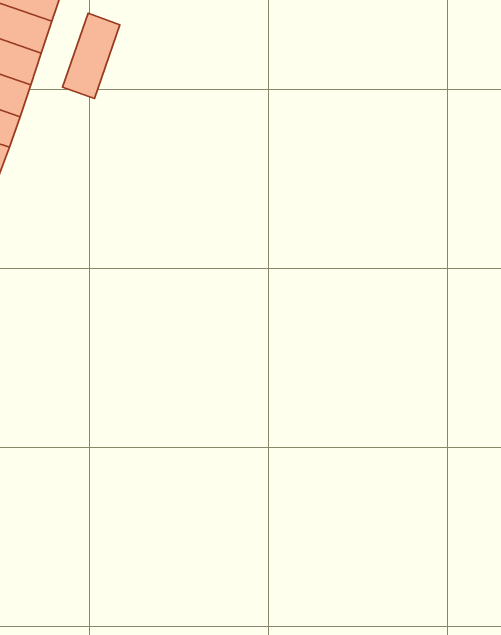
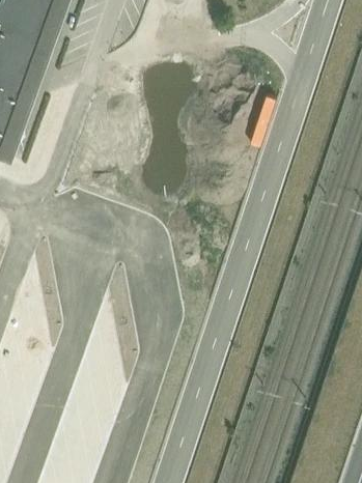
building: [63,13,120,99] -> none

